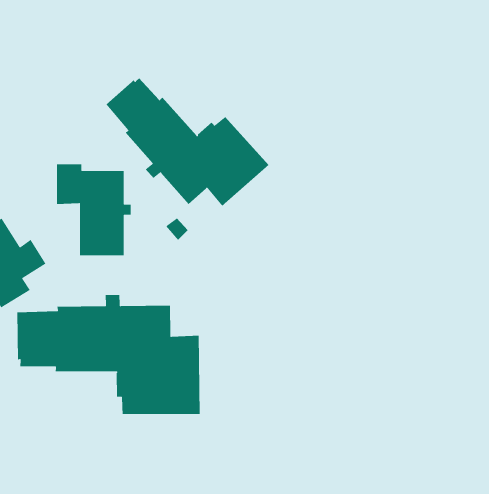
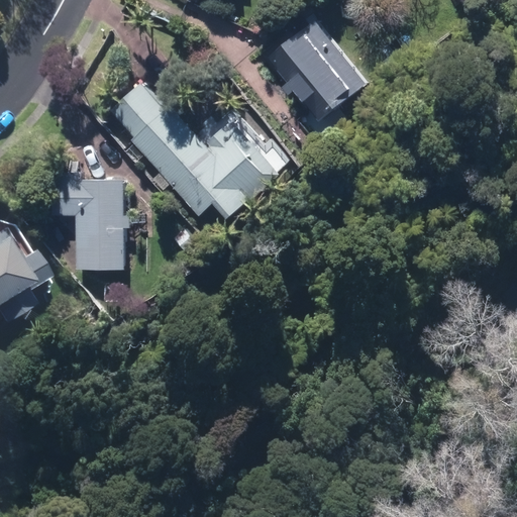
building: none -> [261,22,359,123]
building: [16,294,201,415] -> none

